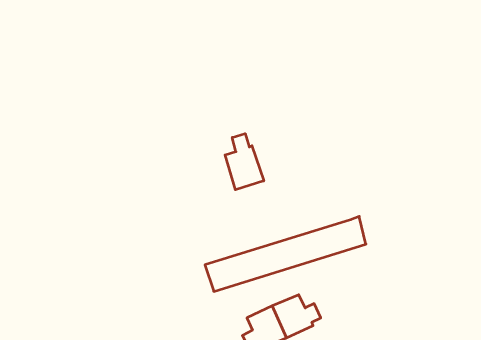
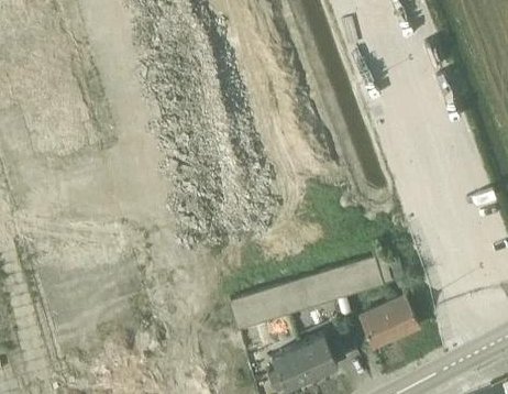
building: [225,134,264,190] -> none
building: none -> [358,296,418,349]

